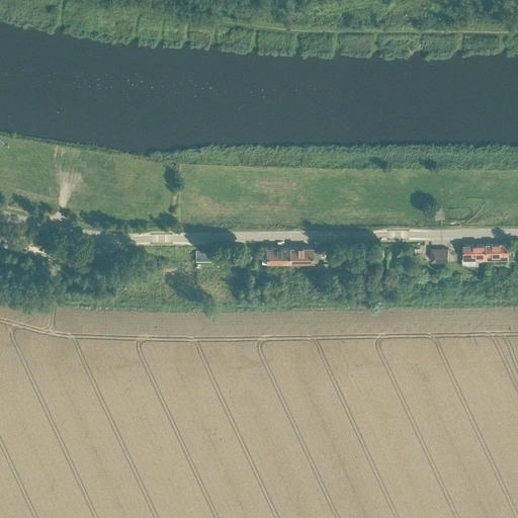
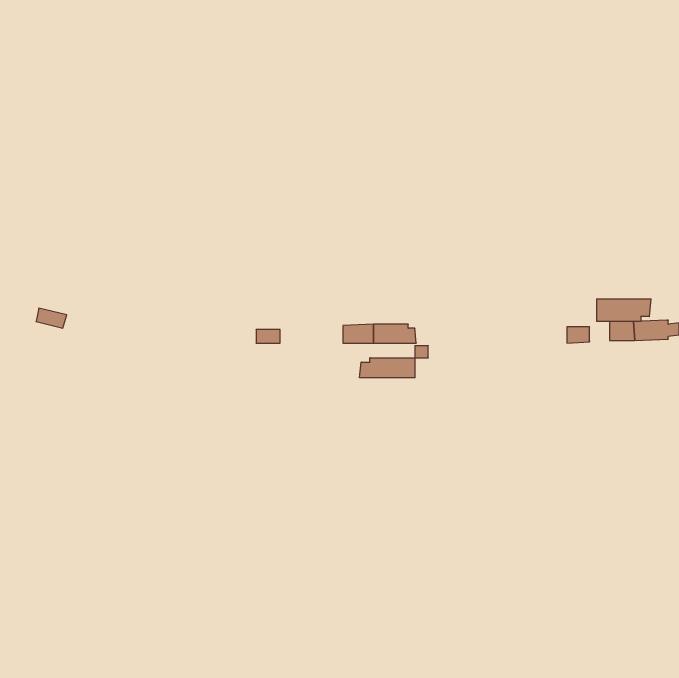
building: none -> [597,299,651,321]
building: none -> [360,358,415,378]

